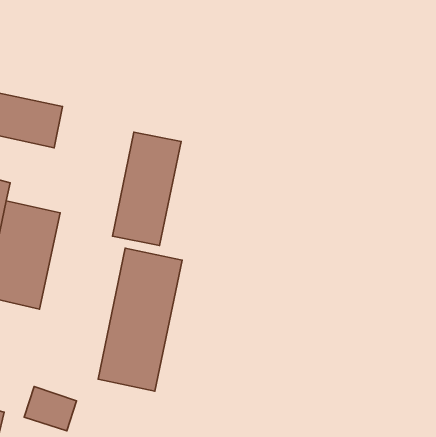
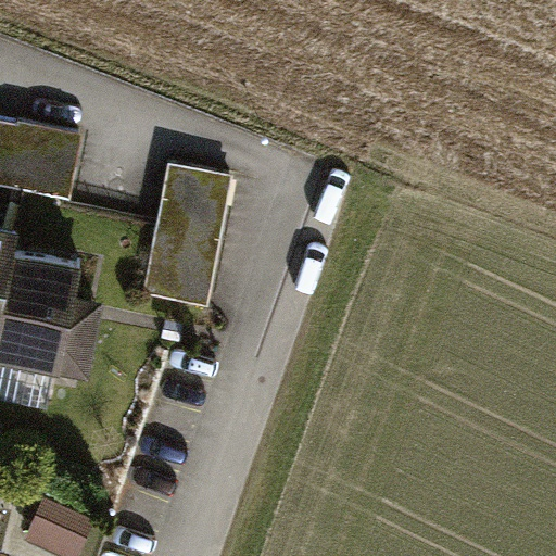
building: [98,248,182,391] -> none

